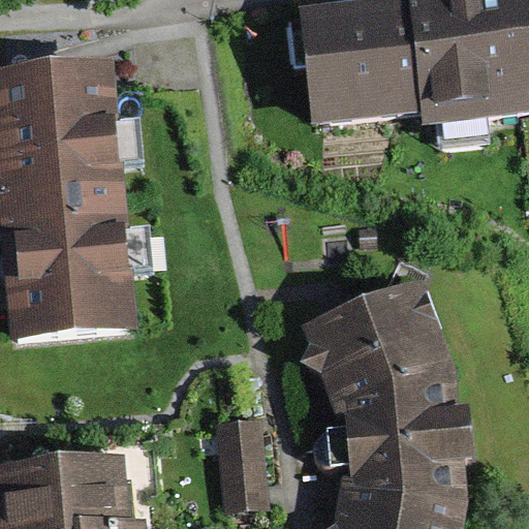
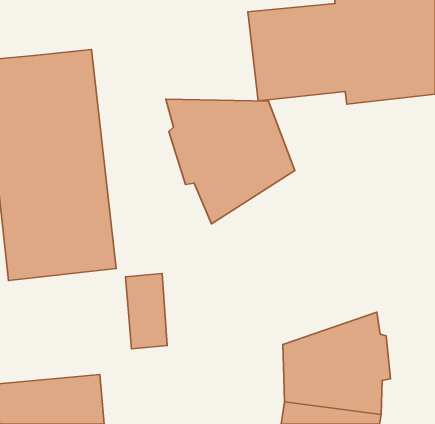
building: none -> [166,99,295,224]
building: [306,280,456,416] -> none
building: [214,414,264,505] -> [125,274,167,349]

